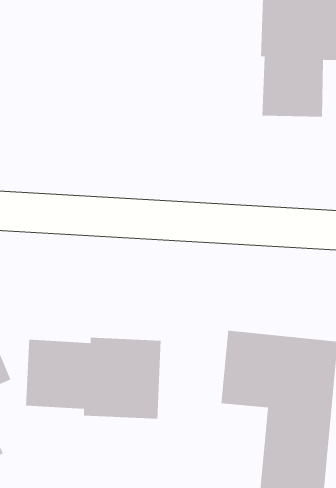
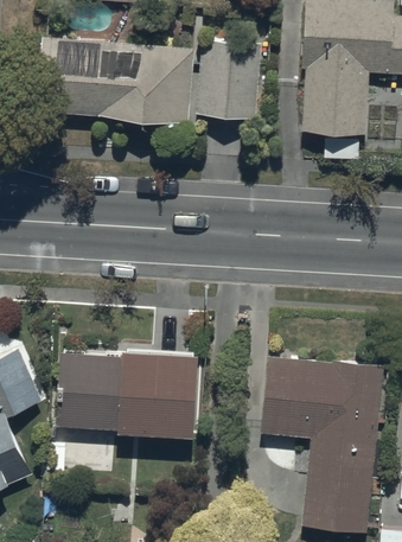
building: none -> [39,37,196,125]
building: none -> [198,39,263,120]

